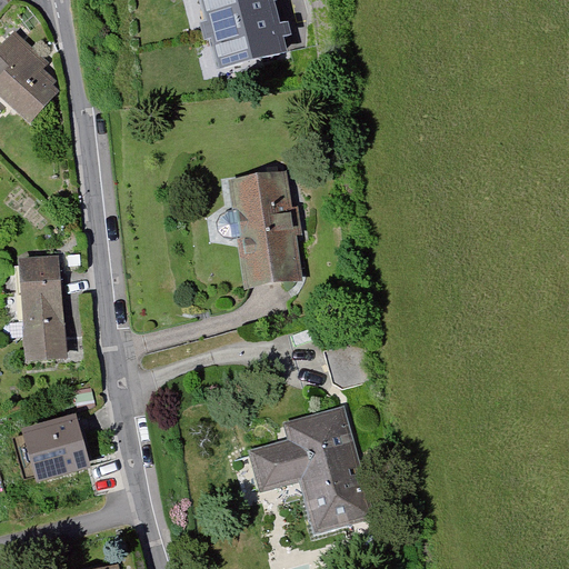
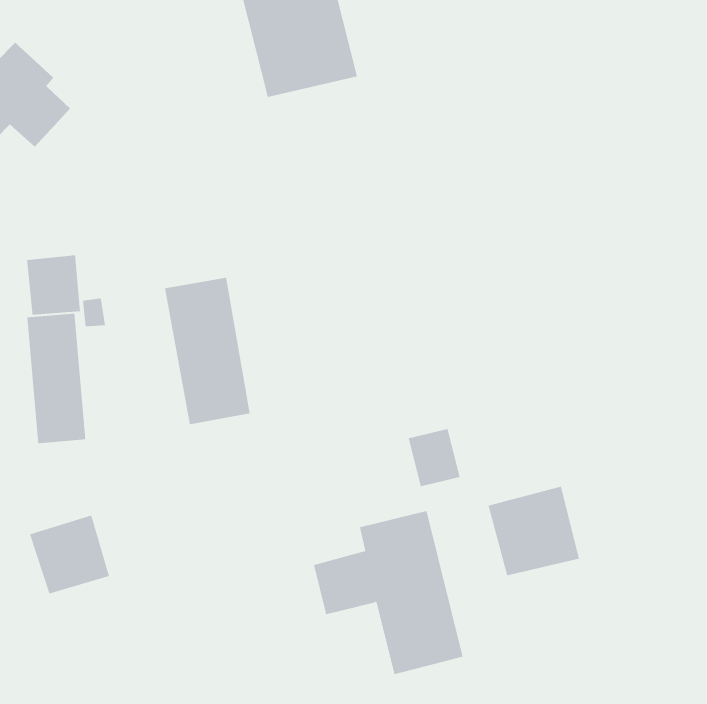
building: [229,169,298,287] -> [164,277,250,425]
building: none -> [27,255,81,315]
building: none -> [488,486,579,576]

